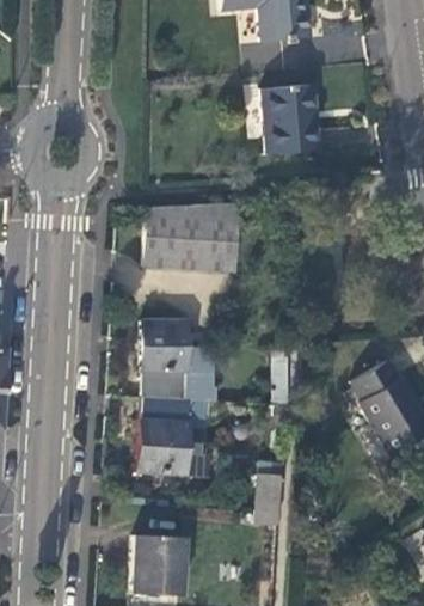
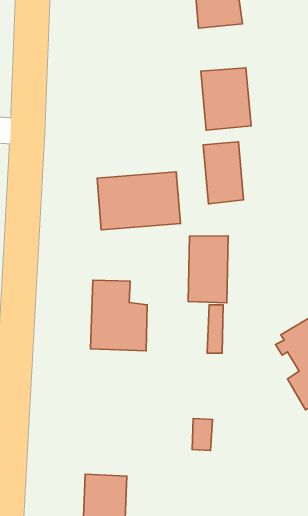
building: none -> [203,142,244,204]
building: none -> [188,236,228,303]
building: [135,398,202,475] -> none

